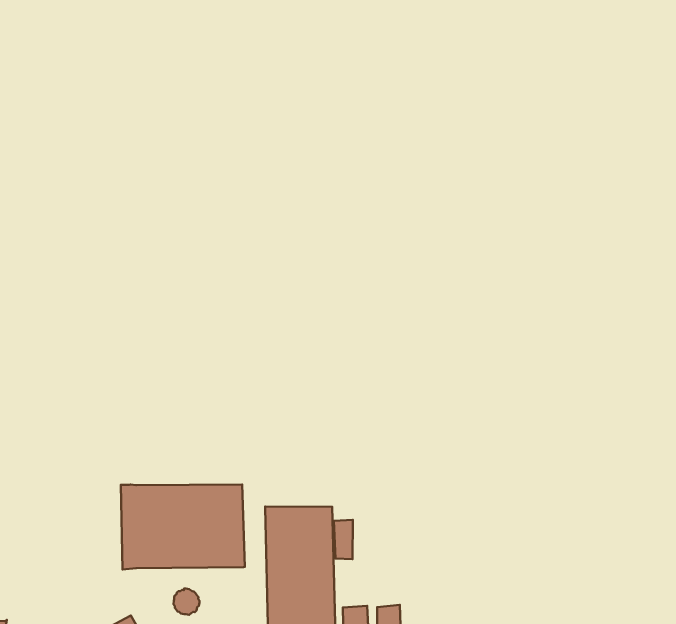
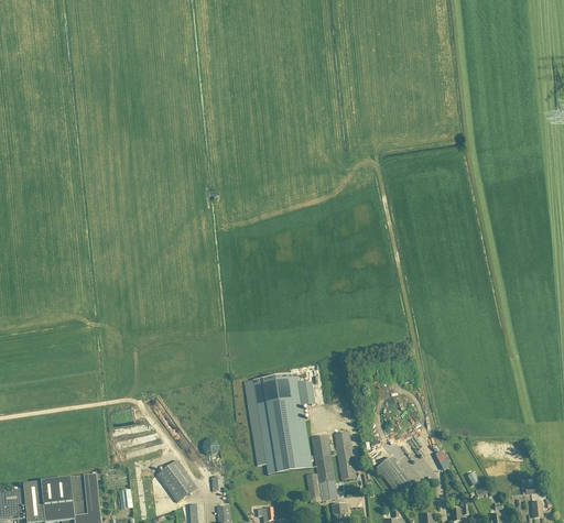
building: [121,484,245,569] -> none

